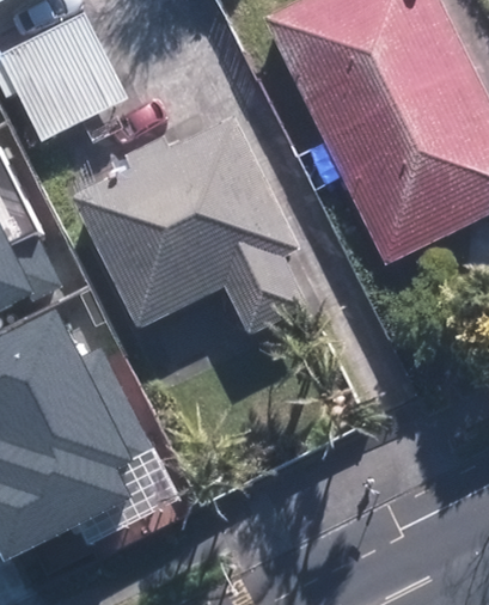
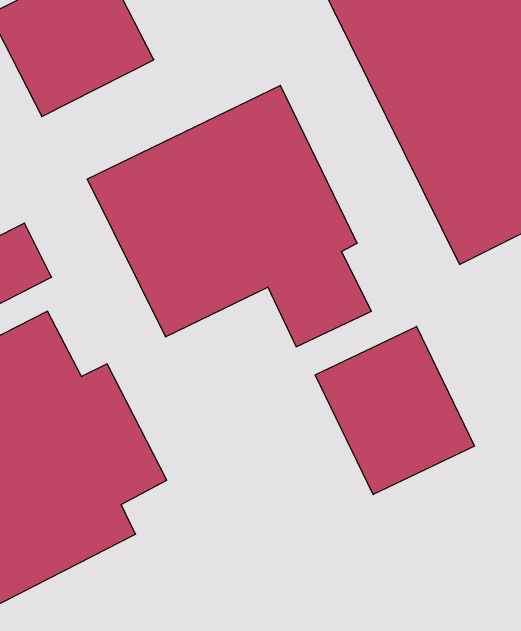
building: none -> [315,326,475,495]

